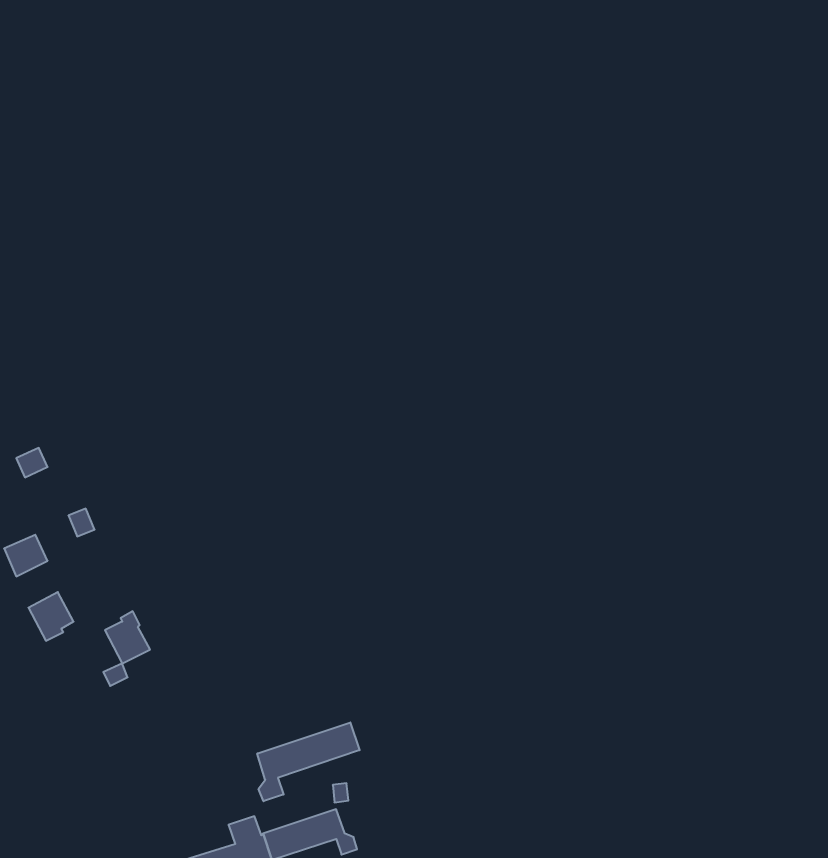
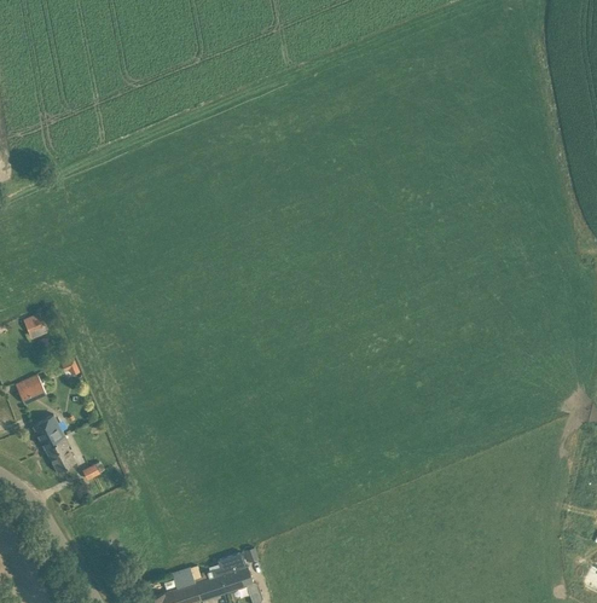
building: [105,611,150,663] -> [45,434,76,470]
building: [257,722,360,801] -> none

